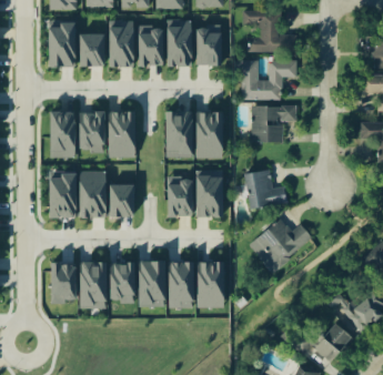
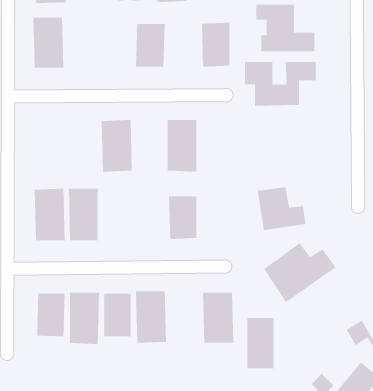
building: [109,20,134,67] -> none
building: [167,20,192,67] -> none
building: [80,33,104,67] -> none
building: [251,105,296,142] -> none
building: [50,111,74,158] -> none
building: [79,112,104,151] -> none
building: [195,112,223,158] -> none
building: [195,170,223,217] -> none
building: [109,184,134,216] -> none
building: [169,262,193,307] -> [246,317,274,369]

